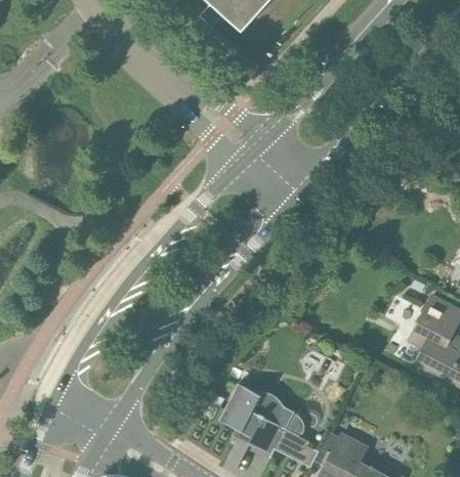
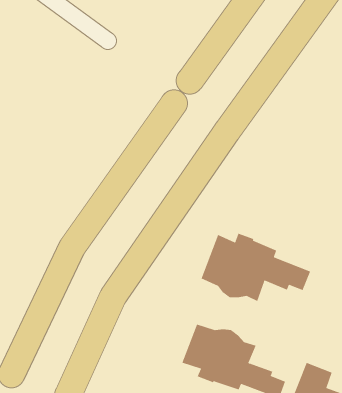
building: none -> [201,233,311,302]

